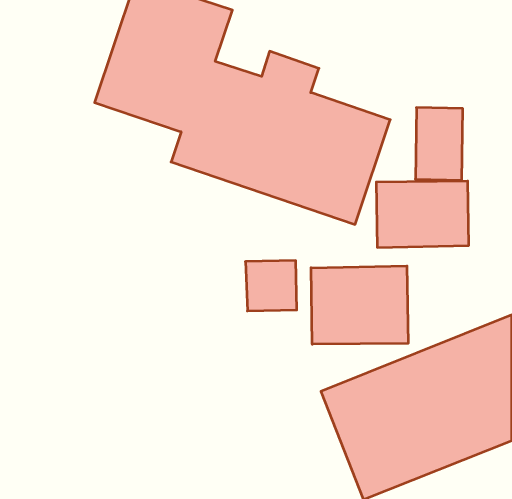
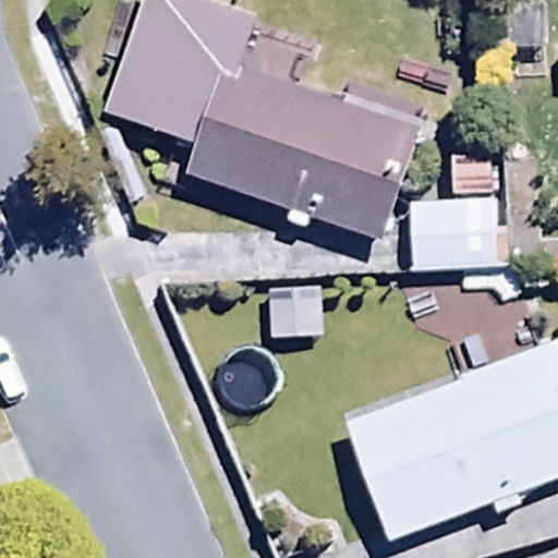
building: [311,266,408,344] -> none

